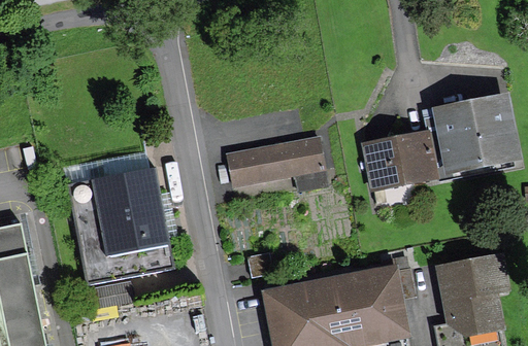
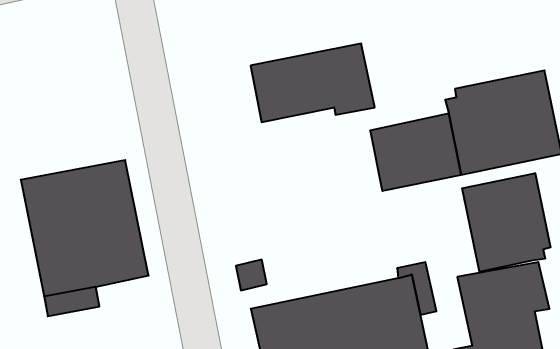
building: [226,133,330,199] -> [251,44,375,122]
building: none -> [462,173,551,272]

